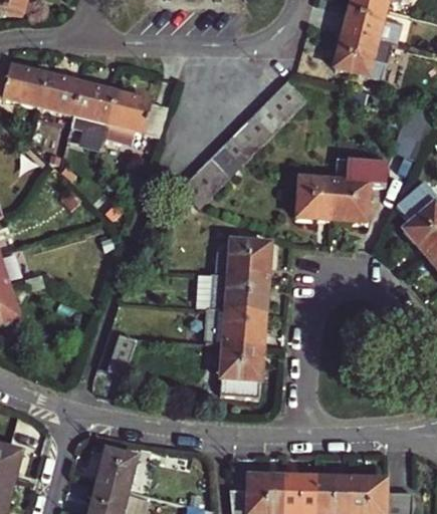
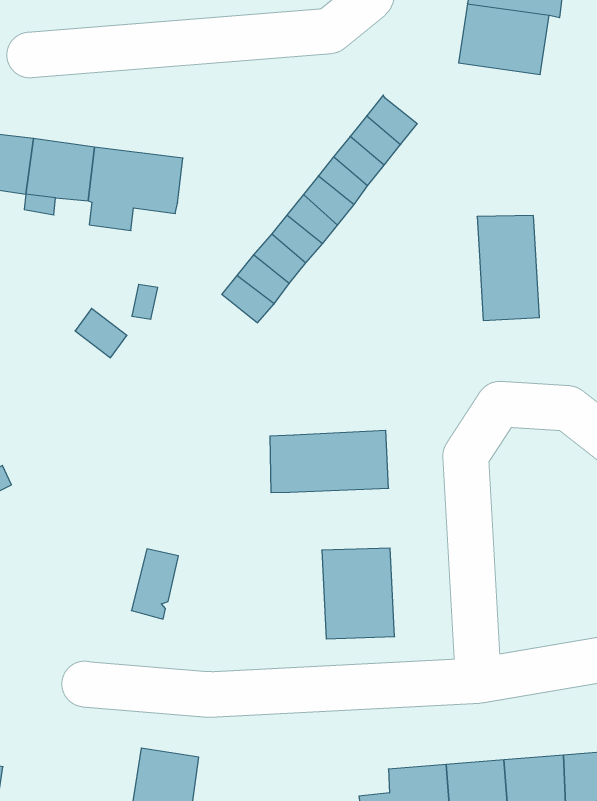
building: [298,178,335,219] -> none
building: [214,240,270,277] -> none
building: [205,307,266,346] -> none

